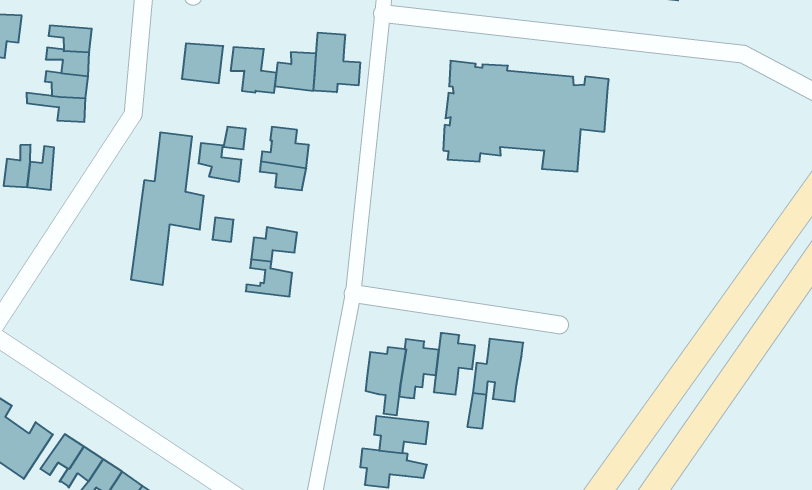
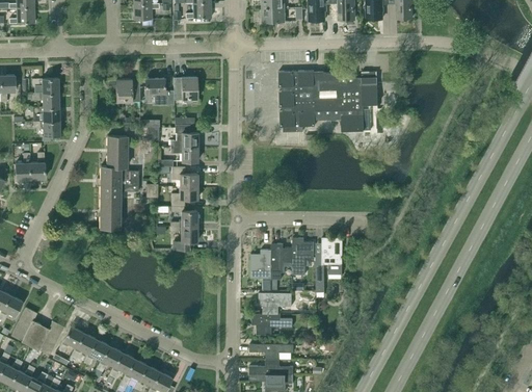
building: [314,33,360,92] -> none
building: [198,143,242,182] -> [171,166,197,187]
building: none -> [170,227,197,250]

